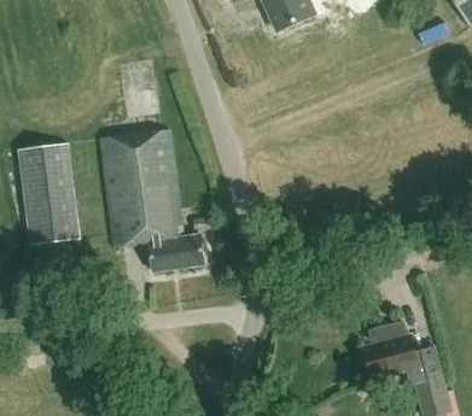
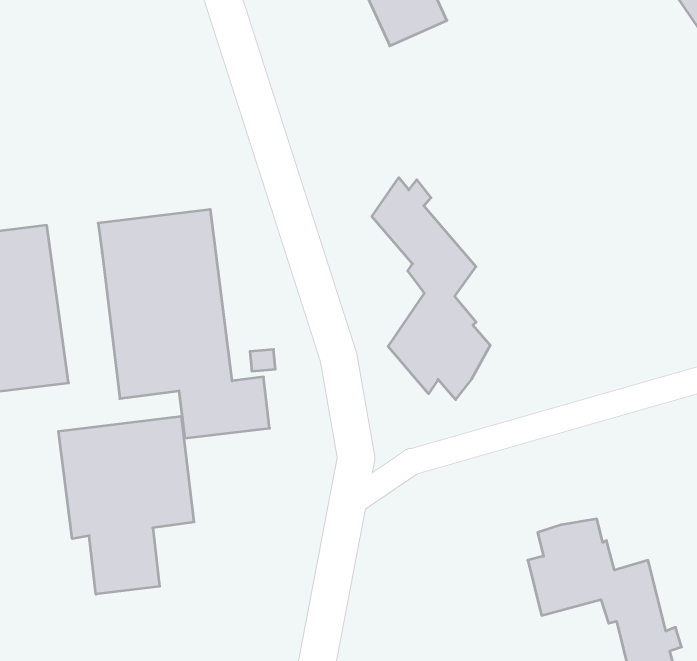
building: none -> [372,178,490,400]
building: none -> [58,416,194,594]

